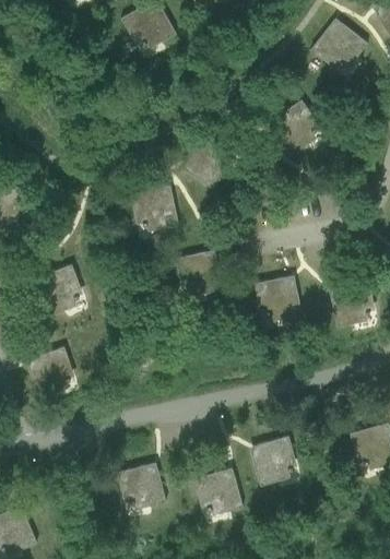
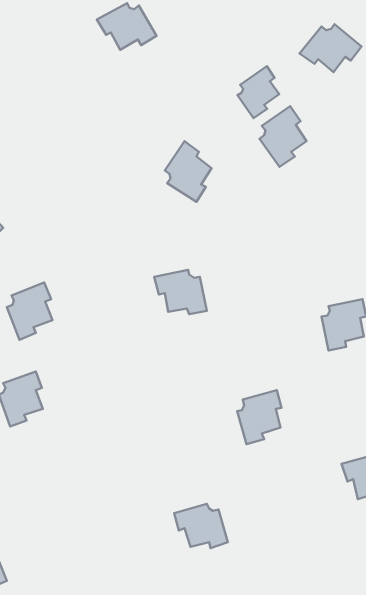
building: none -> [237,66,279,118]
building: [130,188,178,229] -> none
building: [253,277,302,319] -> none
building: [251,436,293,486] -> [237,390,282,444]
building: [116,465,166,507] -> none

